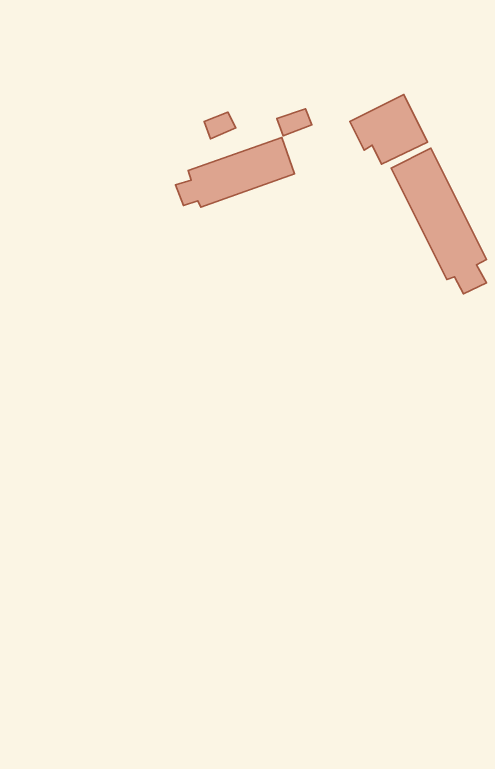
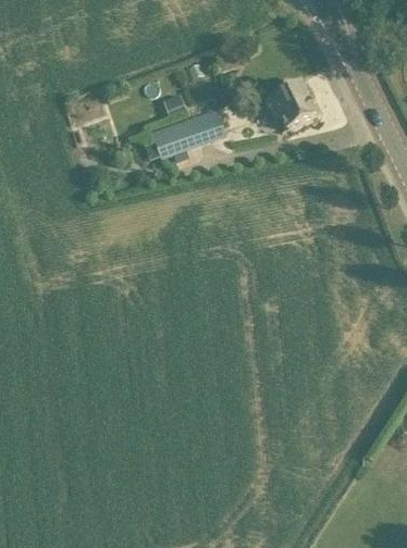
building: [391,148,487,294] -> none

